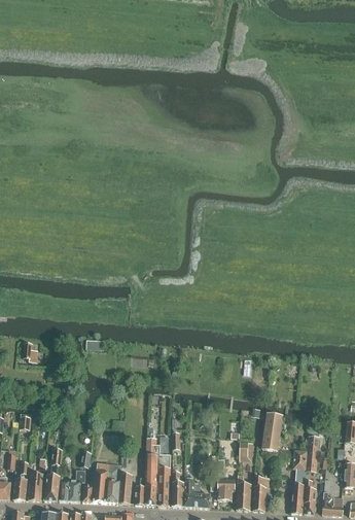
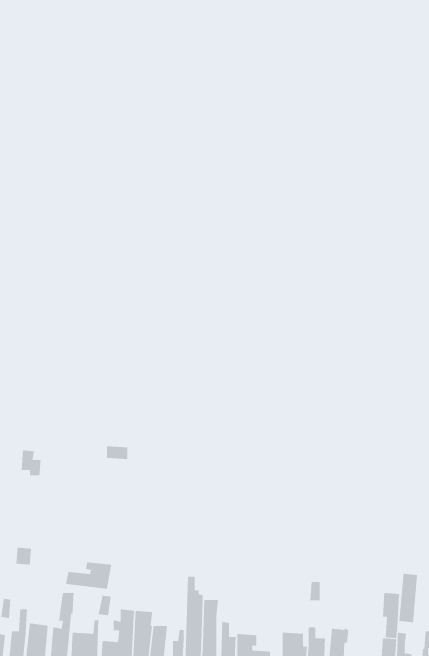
building: [262,415,282,452] -> none
building: none -> [66,561,112,590]

